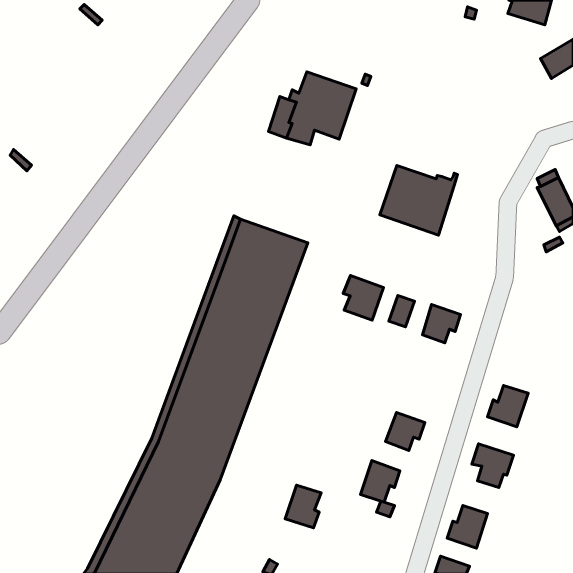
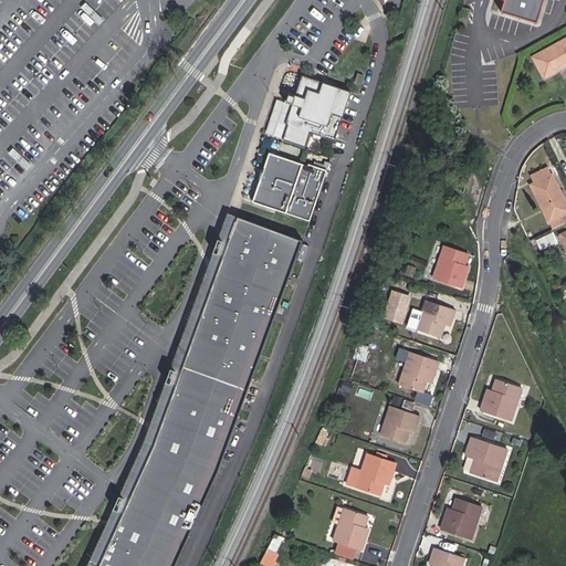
building: [380,165,458,235] -> [251,149,327,218]
building: none -> [432,247,467,289]
building: [343,275,384,320] -> none
building: none -> [397,353,437,394]
building: [285,485,321,528] -> [332,509,367,551]

